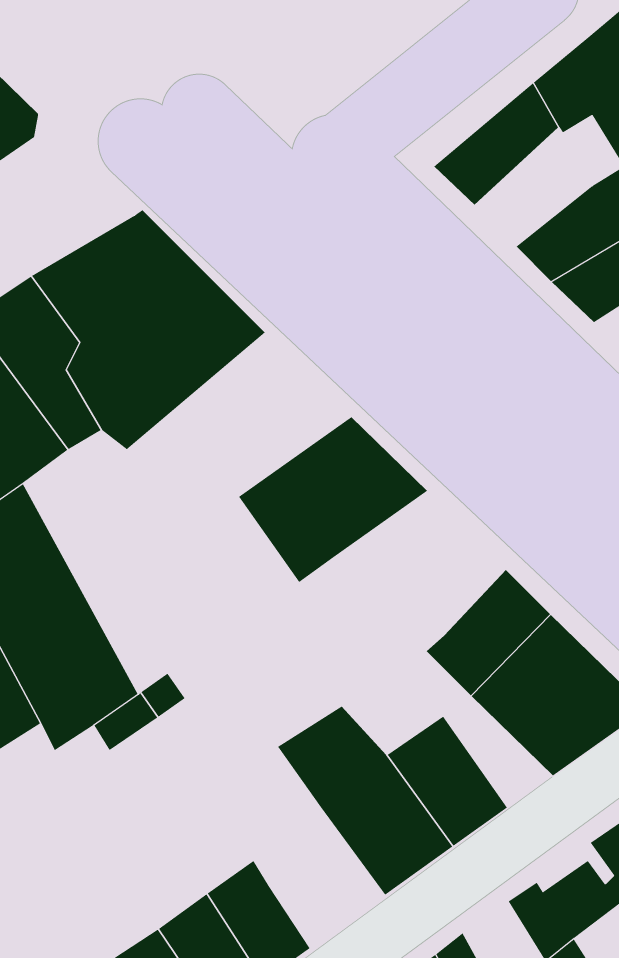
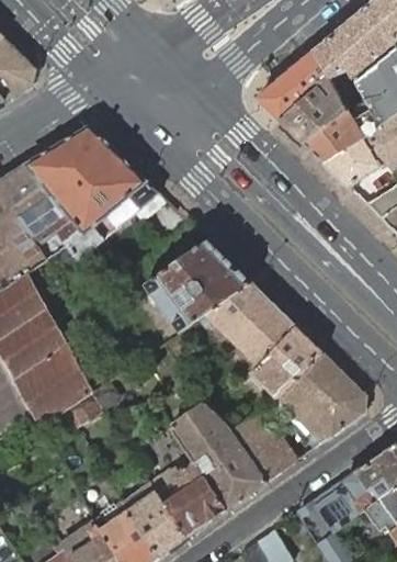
building: none -> [279,77,344,144]
building: none -> [200,281,296,362]
building: none -> [163,459,228,538]

